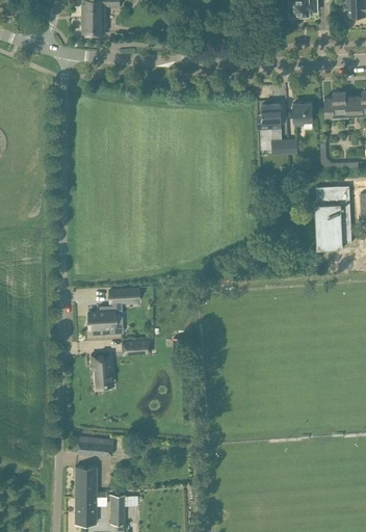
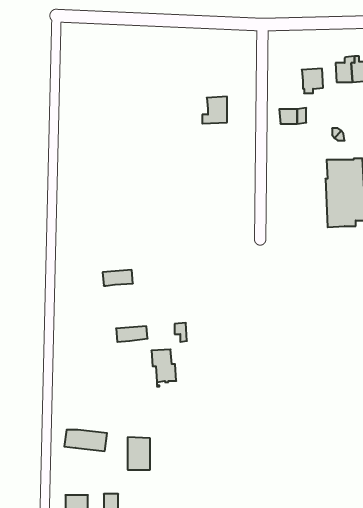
building: [258,104,281,129] -> [202,97,227,124]
building: [88,305,123,335] -> none
building: [90,353,113,388] -> [151,349,176,387]
building: [75,467,96,497] -> [128,437,150,470]

